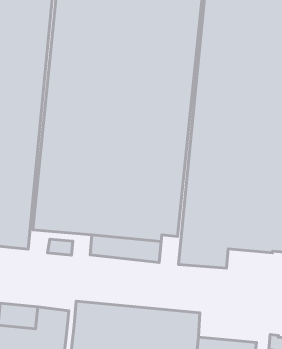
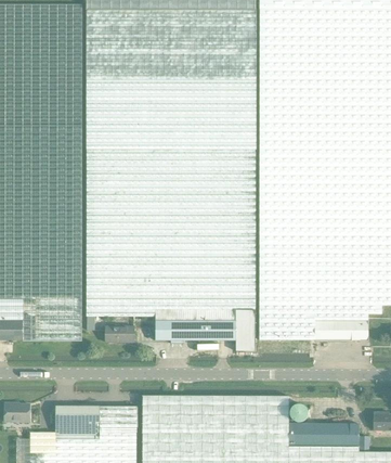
building: none -> [236,309,255,351]
building: none -> [315,318,367,342]

